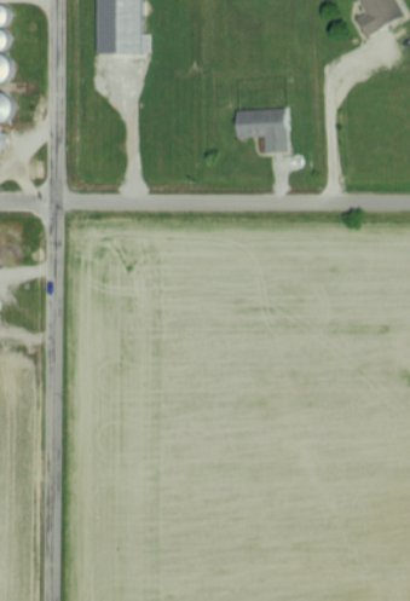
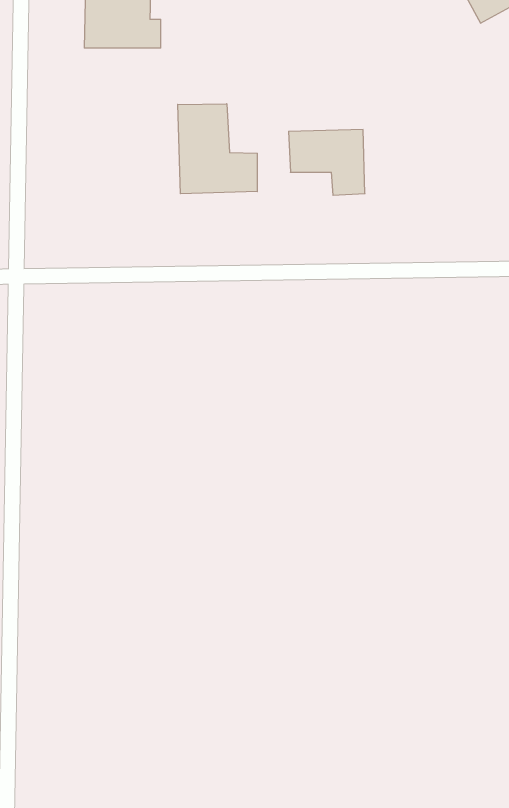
building: none -> [178,104,257,194]

